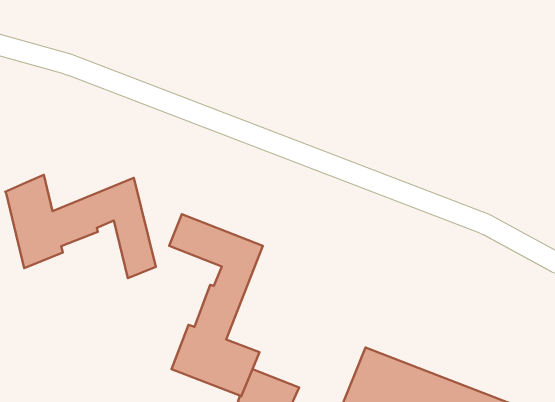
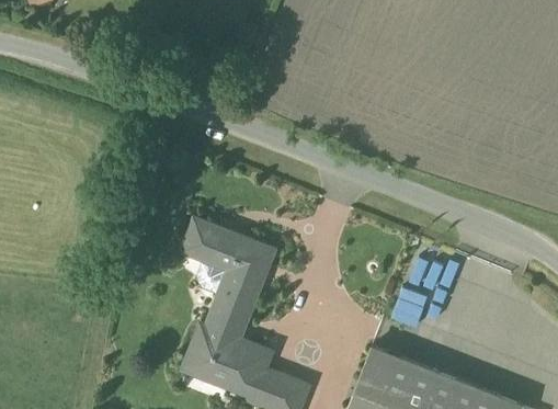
building: [5,175,156,278] -> none

